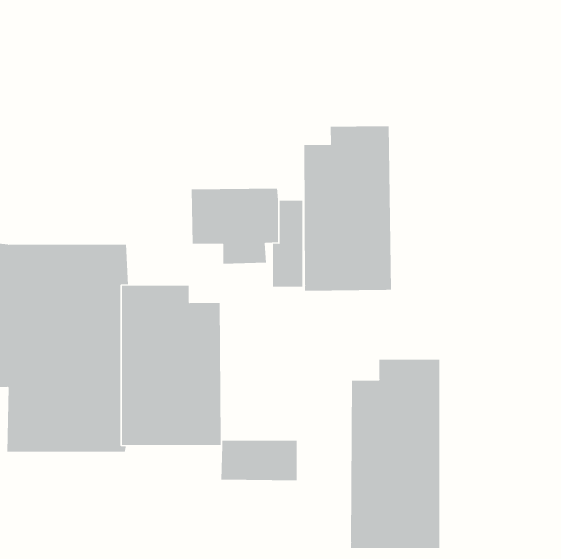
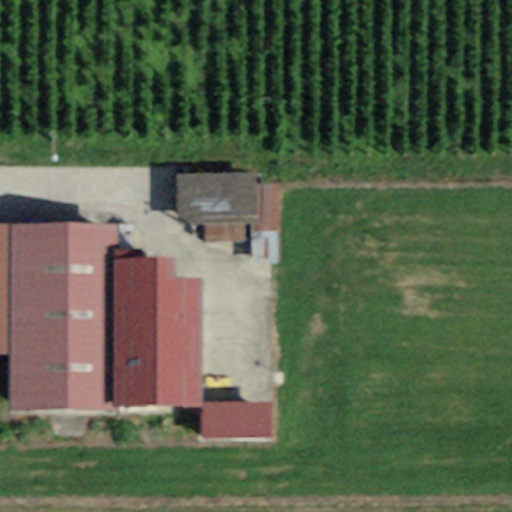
building: [304,126,391,291] -> none
building: [351,359,440,549] -> none

